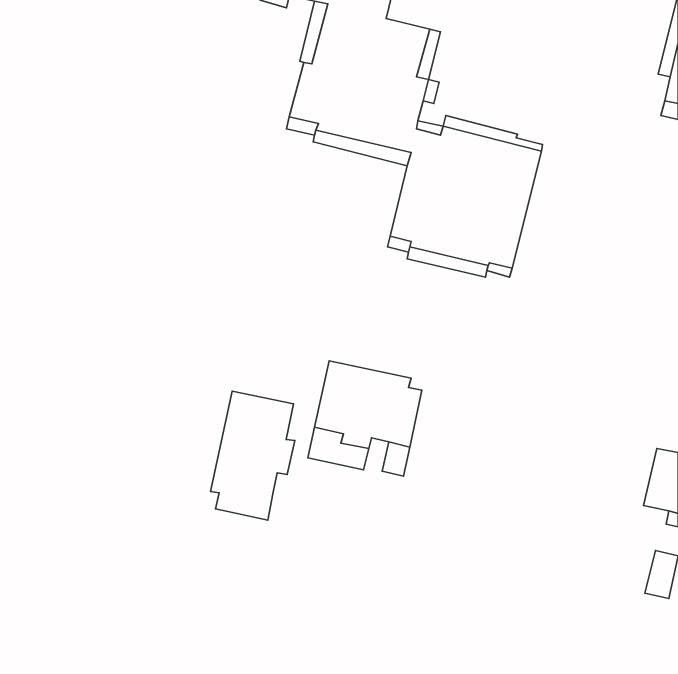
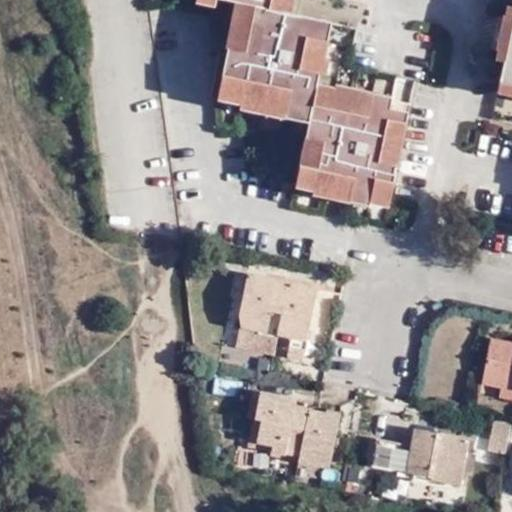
building: [210,391,295,520] -> none
building: none -> [253,393,341,467]
building: none -> [368,429,466,484]

